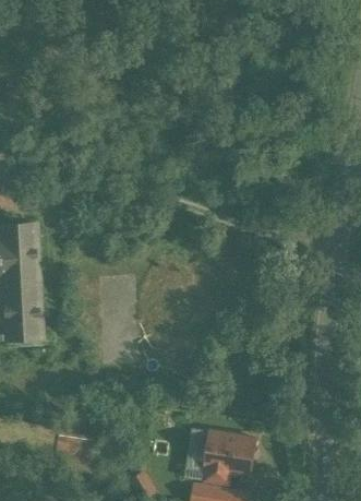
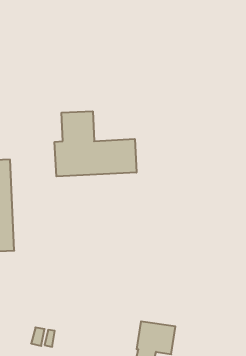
building: none -> [55,111,136,176]

